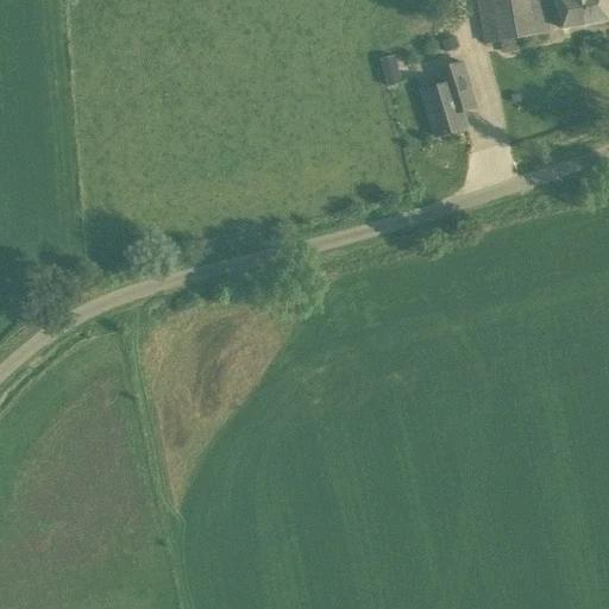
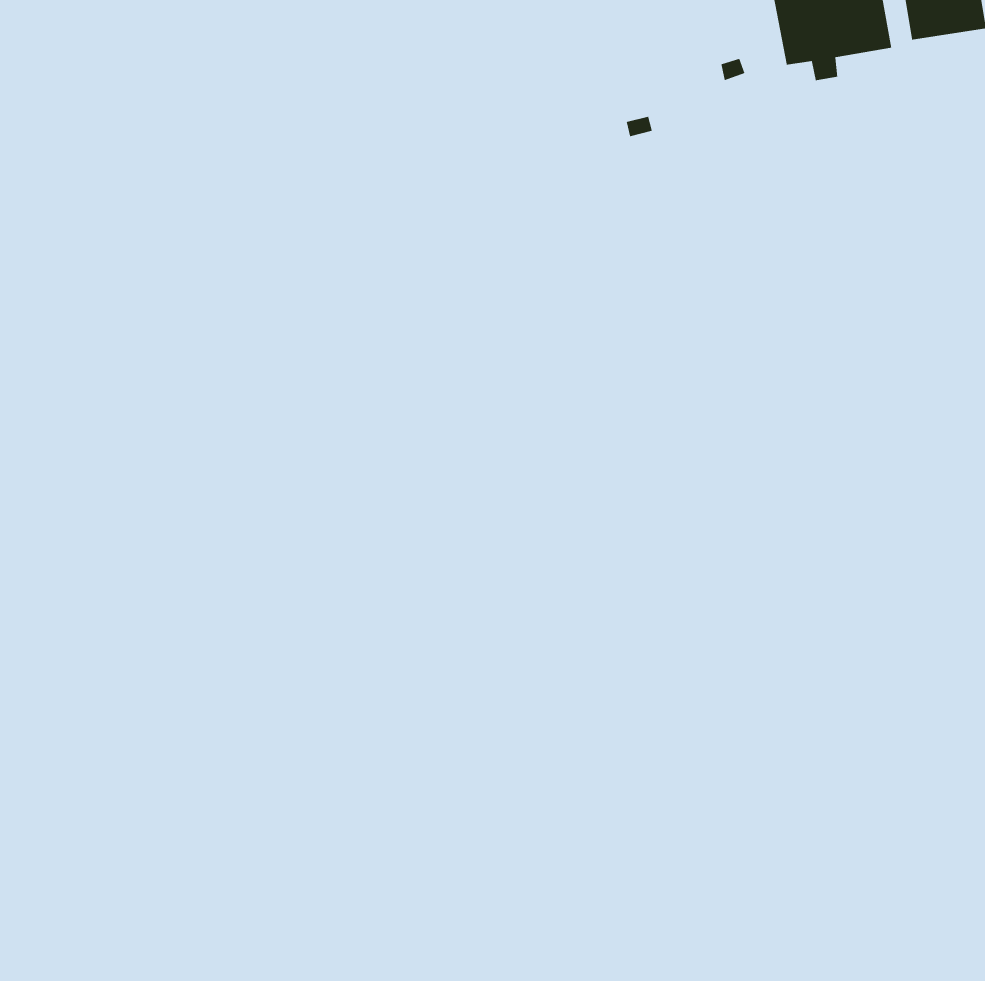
building: [422,58,472,133] -> none

